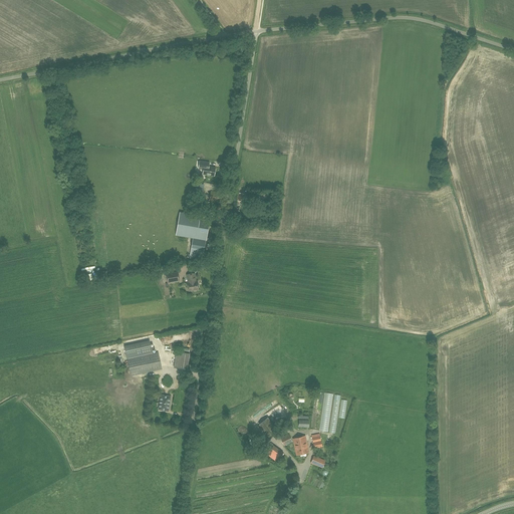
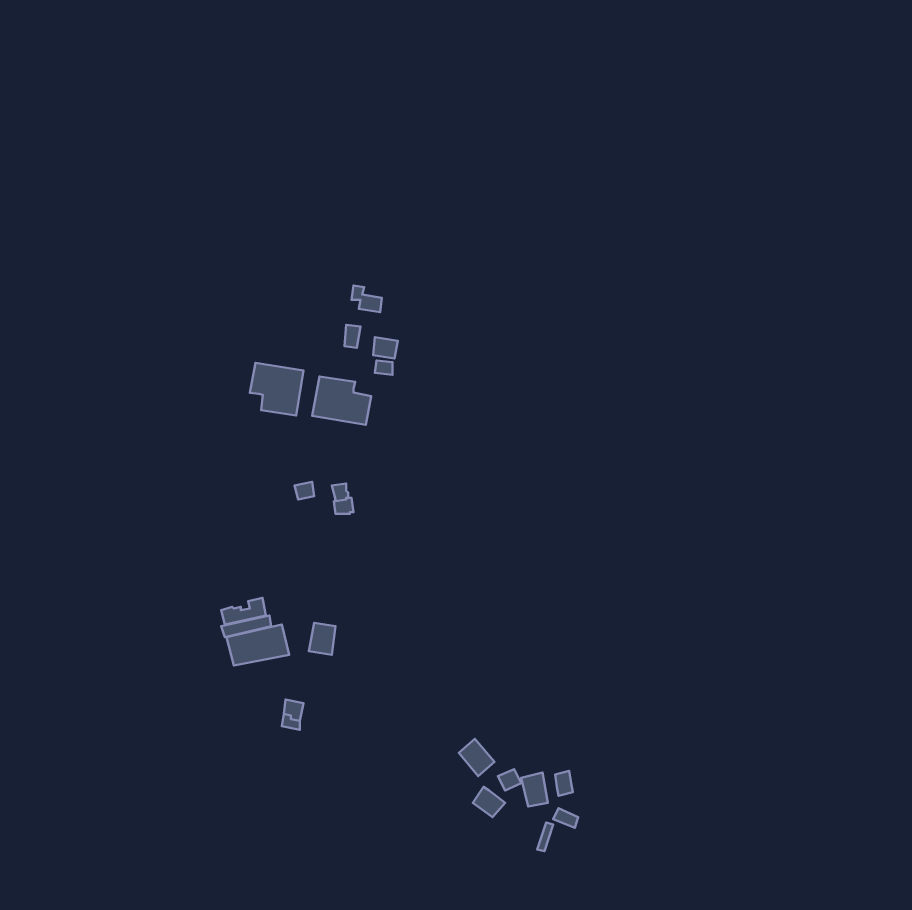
building: none -> [250,363,304,416]

